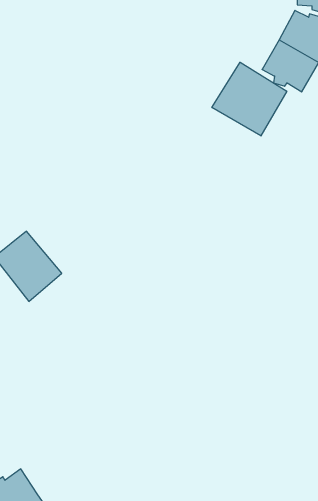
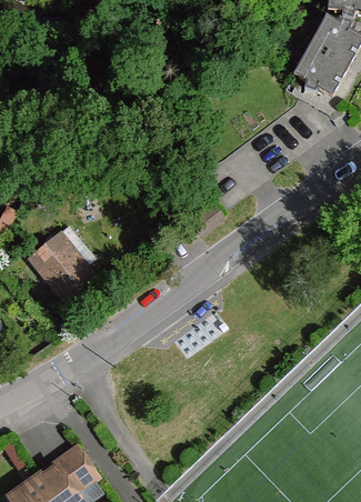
building: [212,62,287,136] -> none
building: none -> [53,445,96,490]

